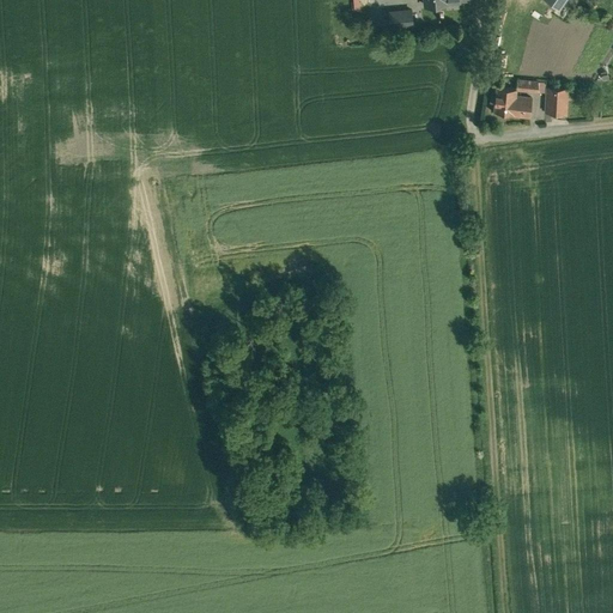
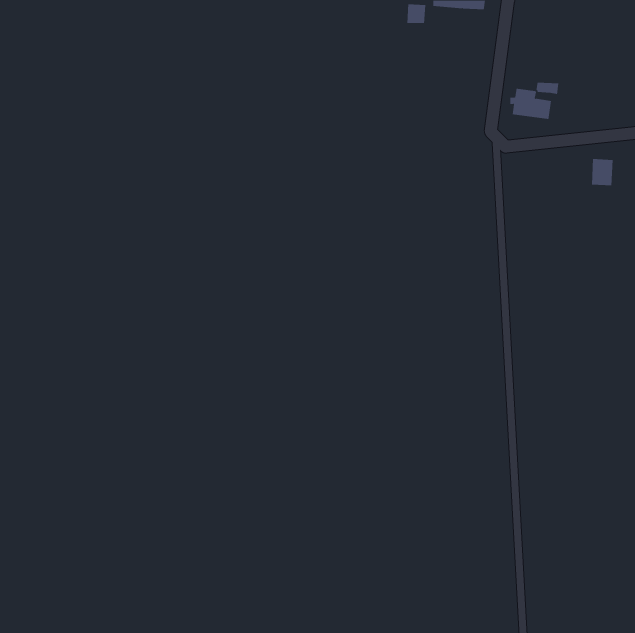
building: [546,89,568,115] -> [591,159,613,186]

